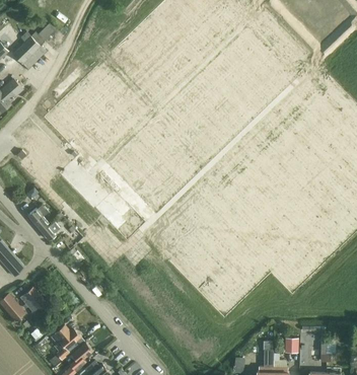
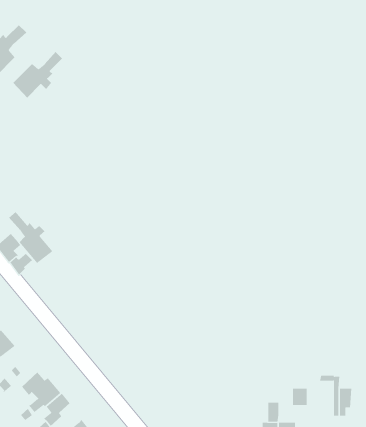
building: none -> [13,51,63,98]
building: none -> [8,211,53,264]

